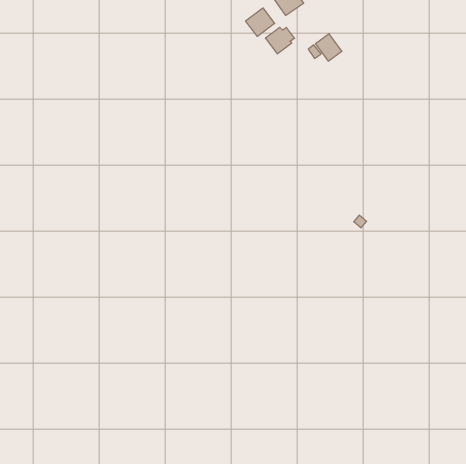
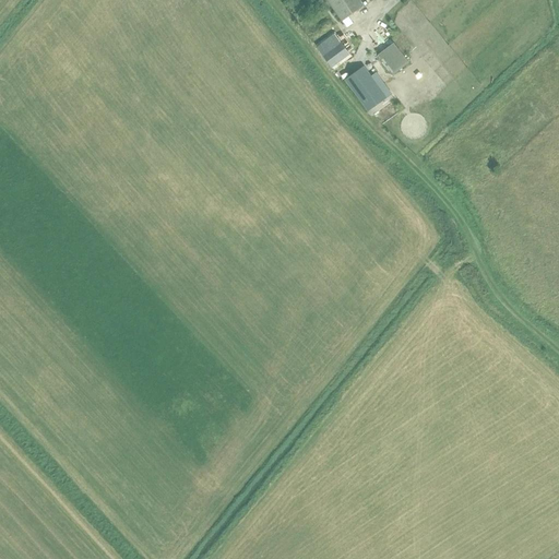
building: [246,8,275,36] -> none
building: none -> [345,64,386,109]

